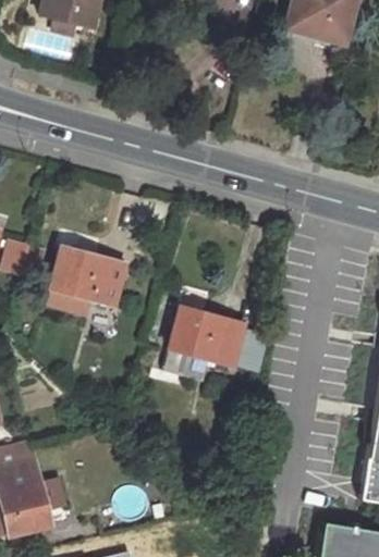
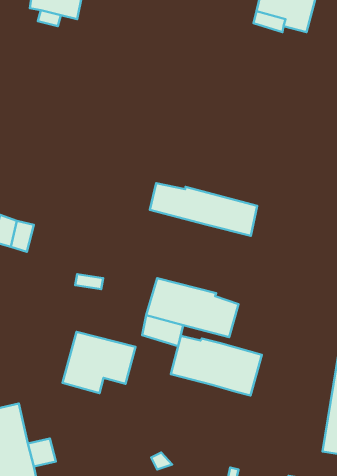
building: none -> [150,183,257,236]
building: [46,247,125,313] -> [62,332,136,393]
building: none -> [171,336,262,395]

